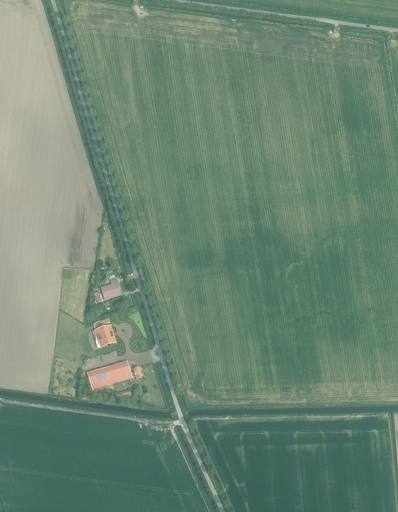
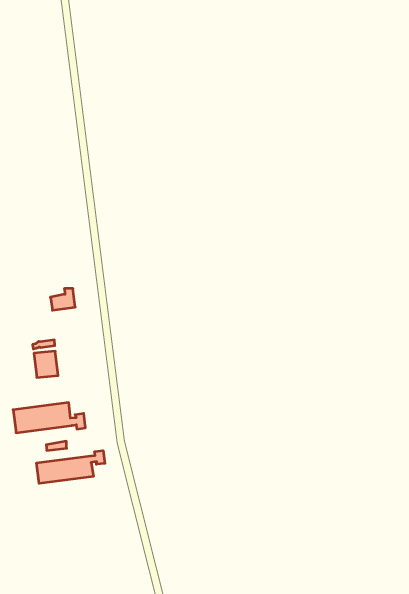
building: none -> [37,451,105,483]

